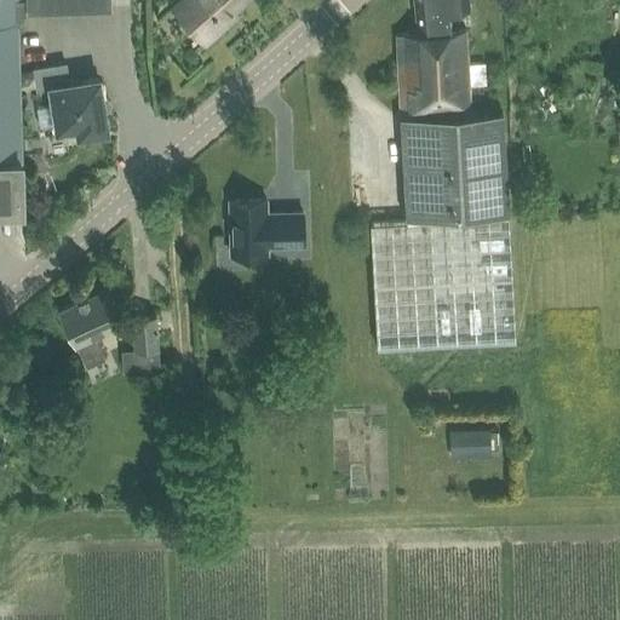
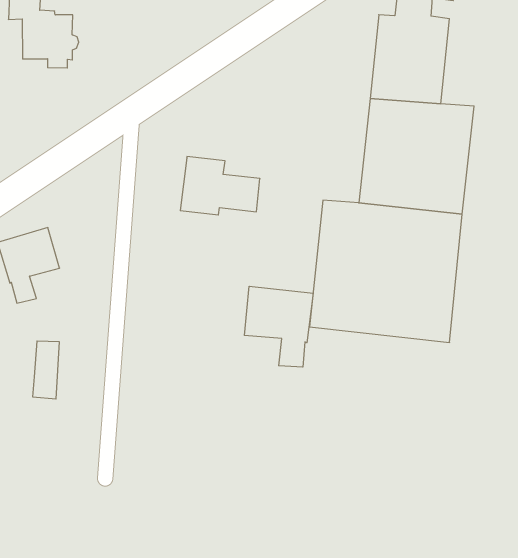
building: [133,316,160,373] -> [33,341,59,399]
building: none -> [244,286,313,367]
building: [452,436,493,464] -> none

